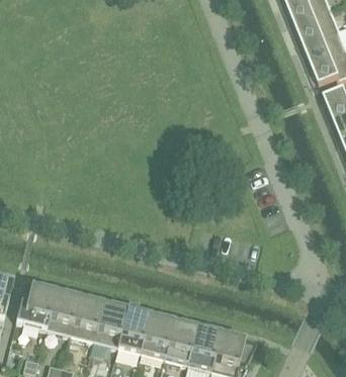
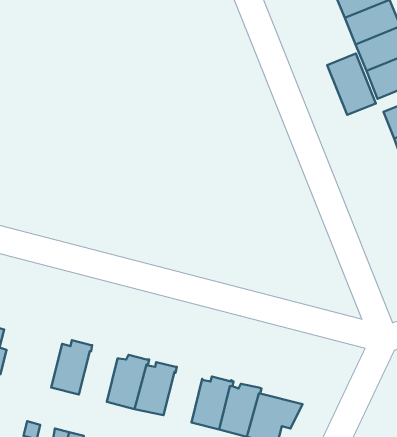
building: none -> [327,54,376,115]
building: [14,287,55,329] -> none
building: [69,296,104,342] -> none
building: [140,314,175,359] -> none

